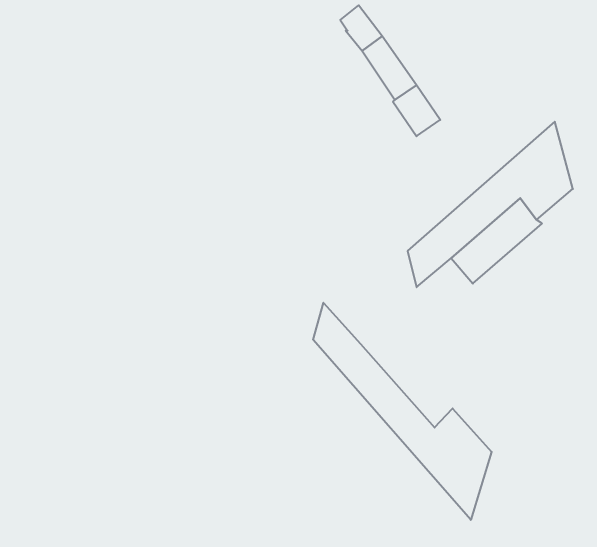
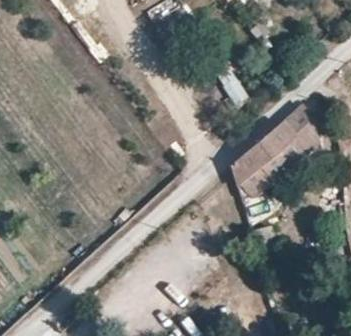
building: [313,303,492,520] -> none

